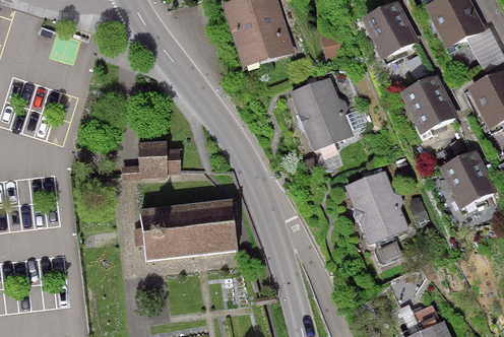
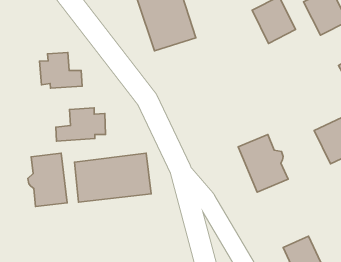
building: none -> [39,52,82,88]
building: [290,76,352,148] -> none
building: [401,76,455,135] -> none
building: none -> [28,153,67,206]

